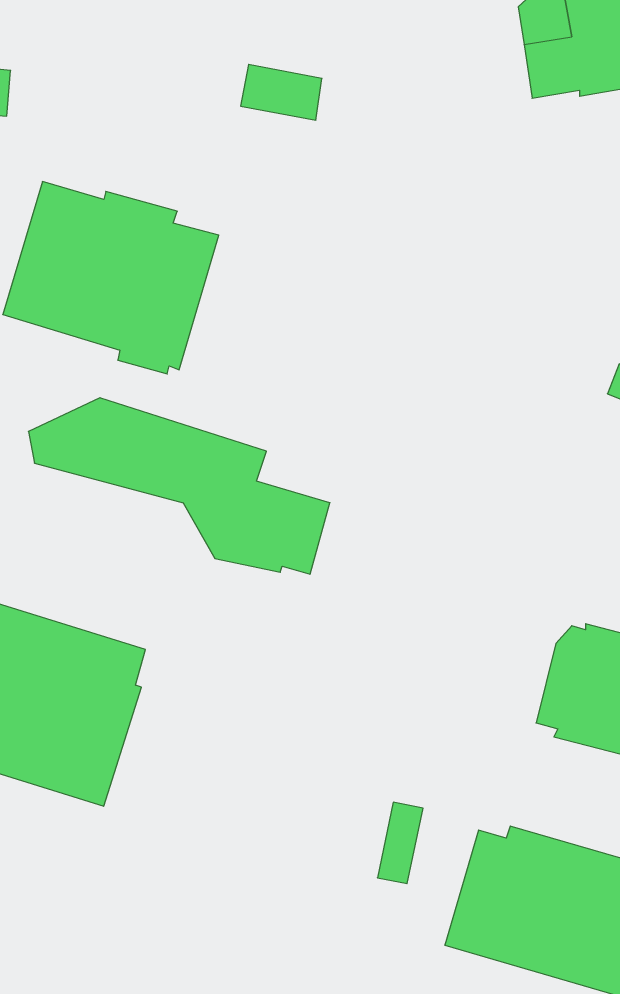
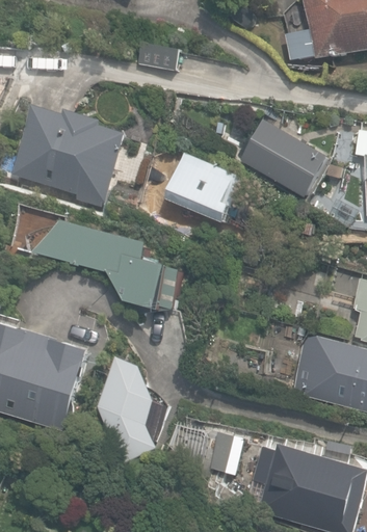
building: none -> [242,123,324,194]
building: none -> [164,153,242,223]
building: none -> [97,356,159,463]

